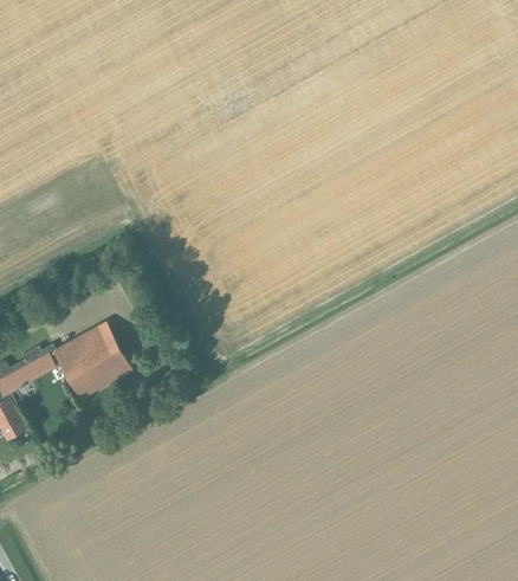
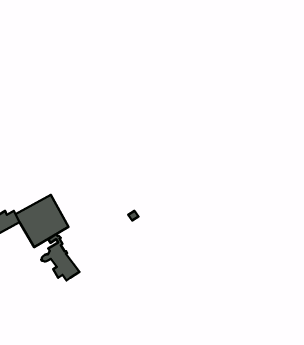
building: none -> [41,234,79,280]

